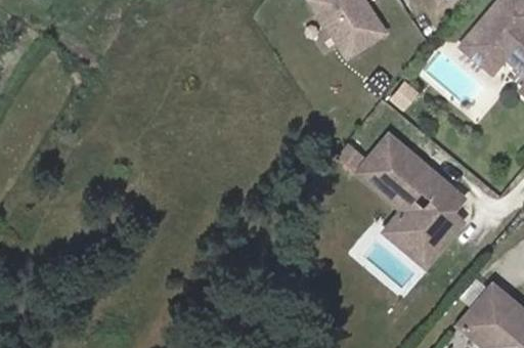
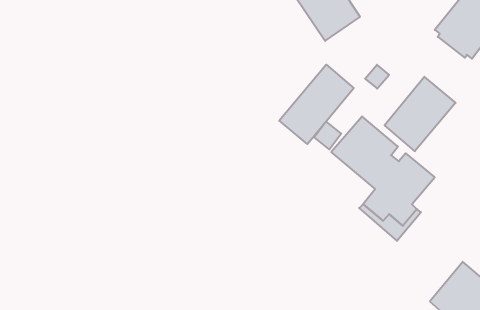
building: none -> [279,65,354,144]
building: none -> [385,77,456,151]

